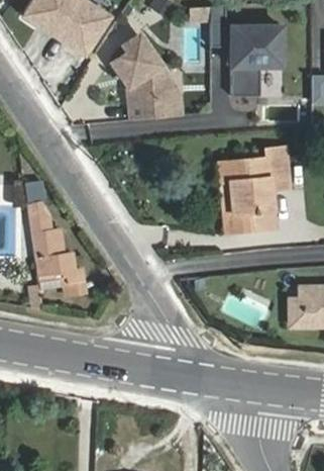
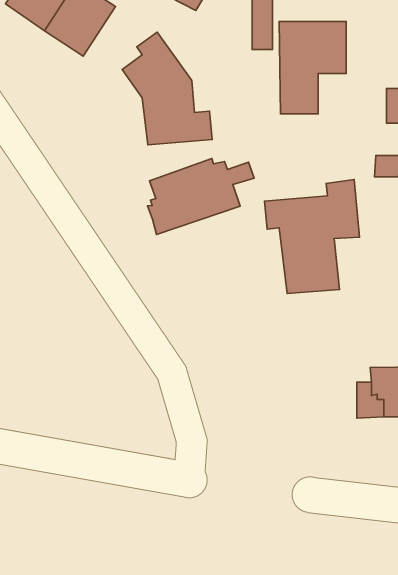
building: none -> [148,159,254,235]
building: [24,181,85,284] -> none

